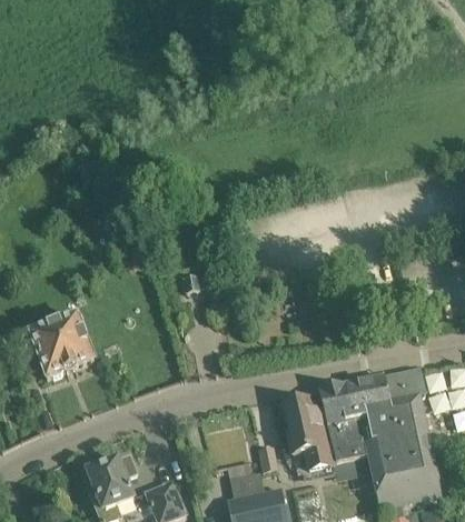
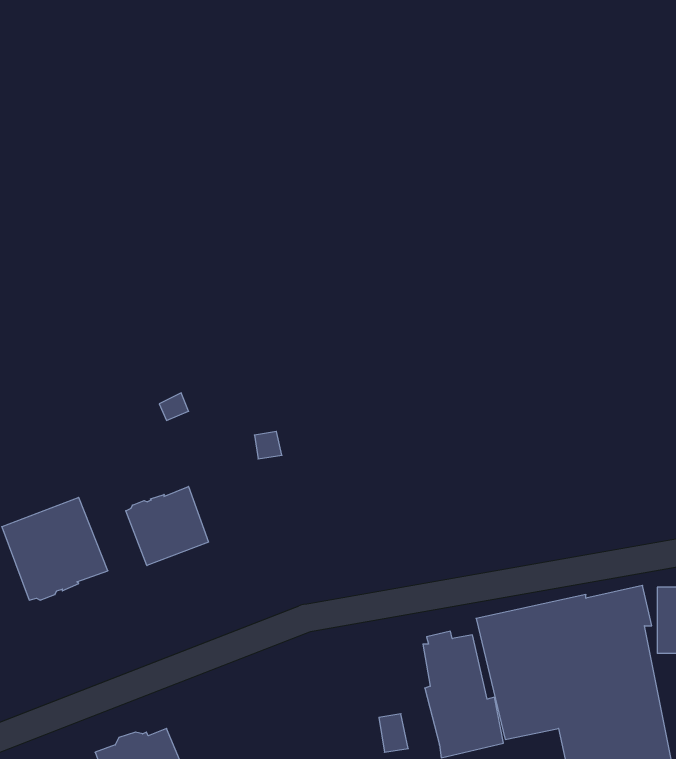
building: none -> [126,486,209,566]

